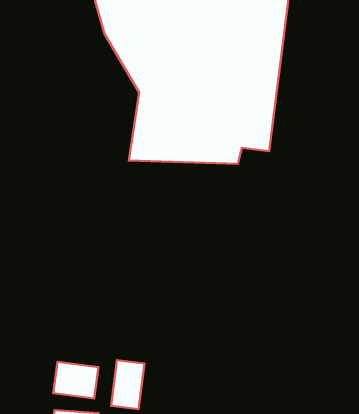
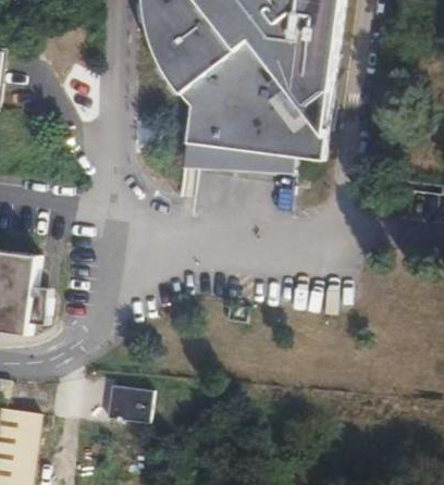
building: [111,360,145,409] -> none

